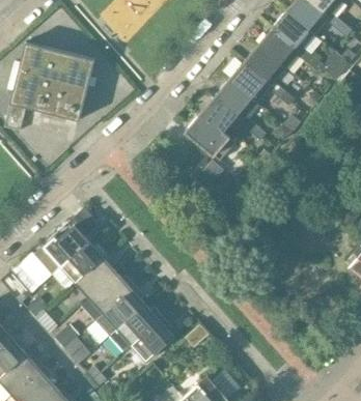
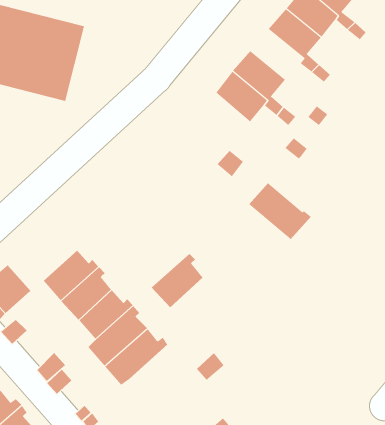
building: [228,62,272,104] -> none
building: [185,114,235,161] -> [249,182,311,240]
building: [33,225,88,275] -> none
building: [131,318,173,363] -> [151,253,203,308]

